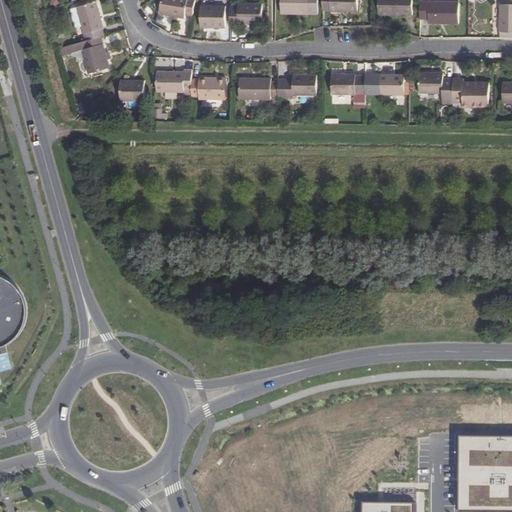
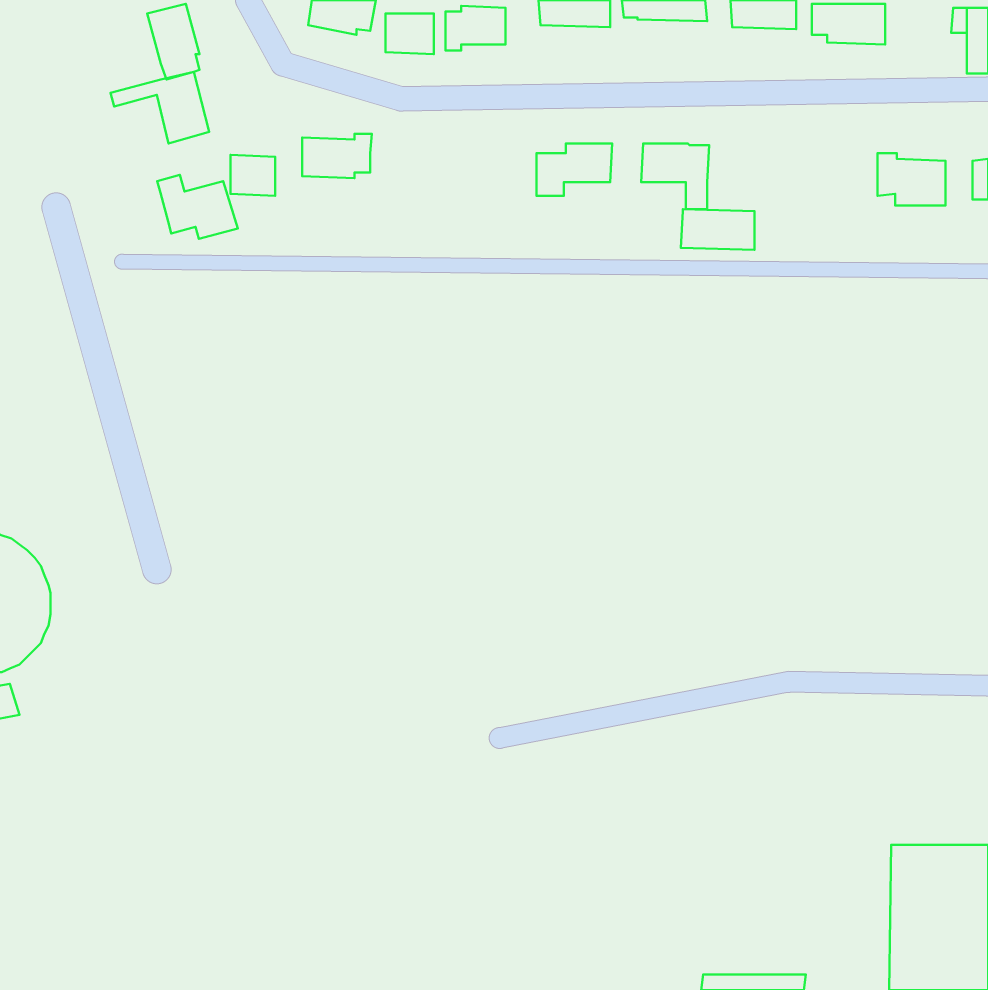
building: [419,73,453,104] -> none
building: [365,74,403,95] -> [681,209,755,250]
building: [191,78,225,99] -> none
building: [238,78,277,99] -> none
building: none -> [157,175,238,239]

